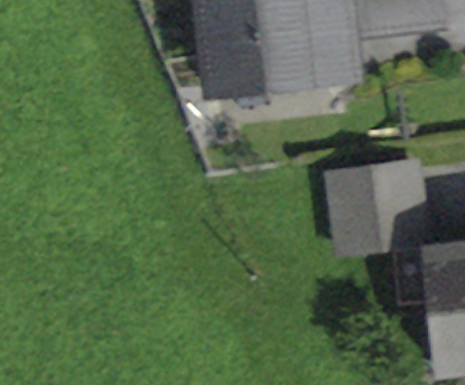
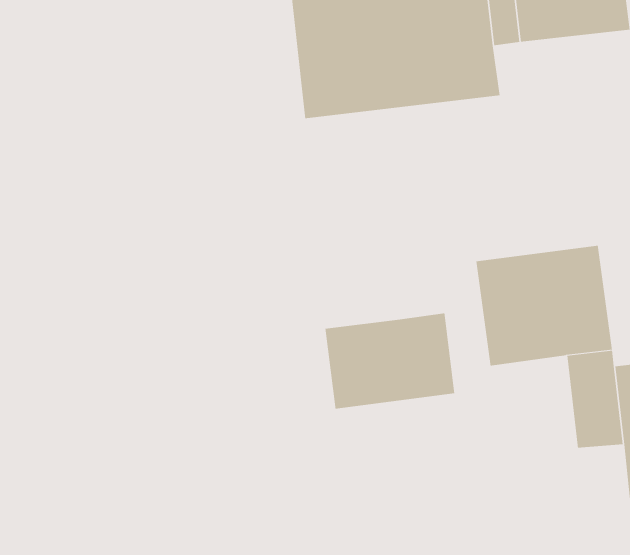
building: none -> [325,313,455,410]

